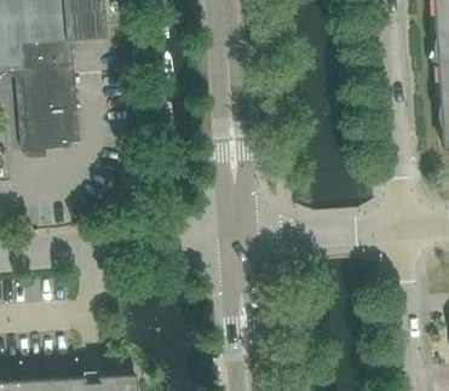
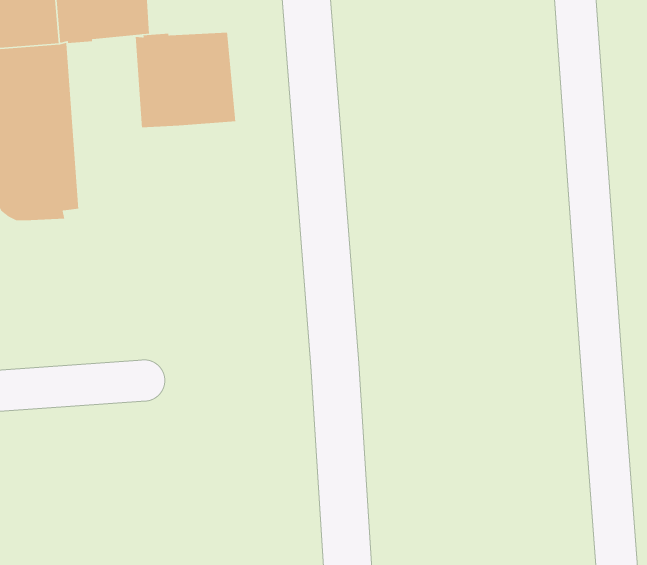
building: none -> [135,32,236,128]

